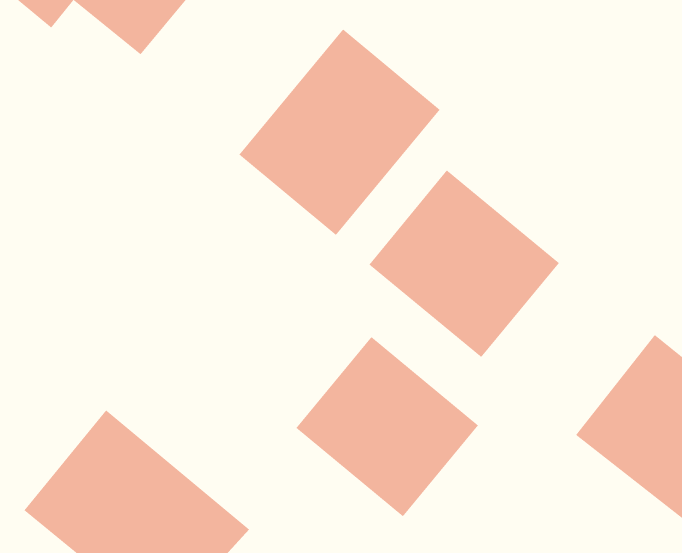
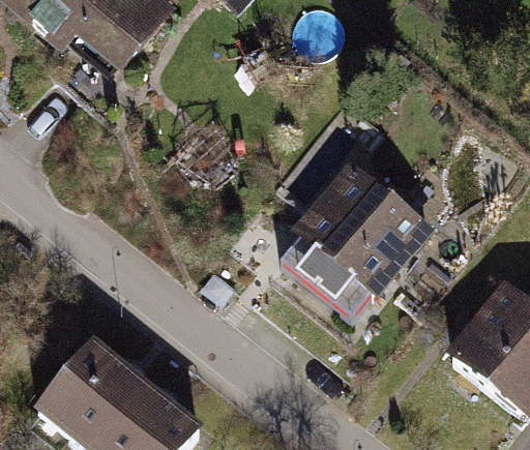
building: [239,29,441,236] -> none
building: [295,336,479,517] -> none

